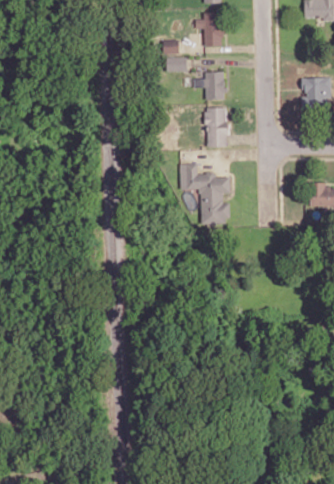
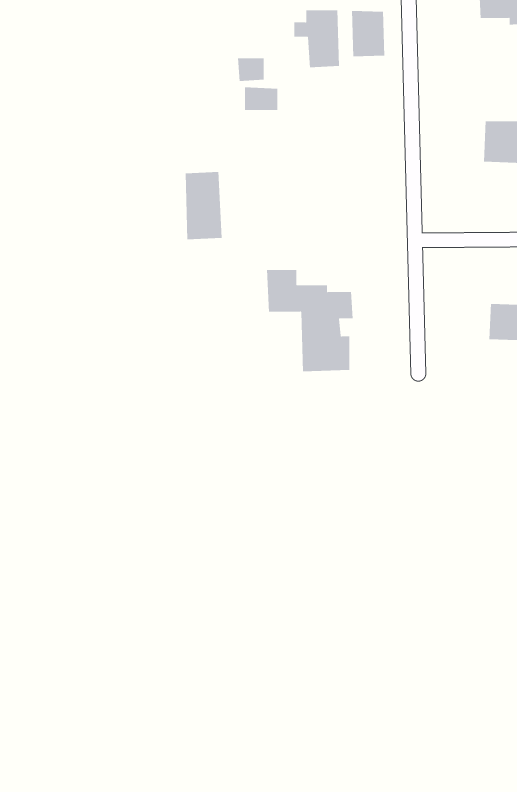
building: none -> [351,10,385,57]
building: [194,72,224,101] -> none
building: [206,108,228,148] -> [185,172,222,240]

